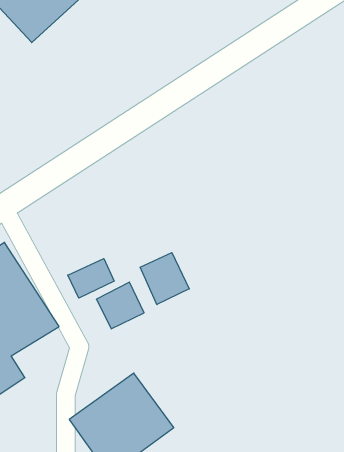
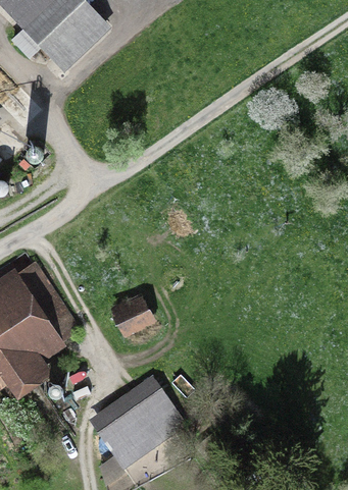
building: [140,253,189,305] -> none
building: [68,259,114,298] -> none

